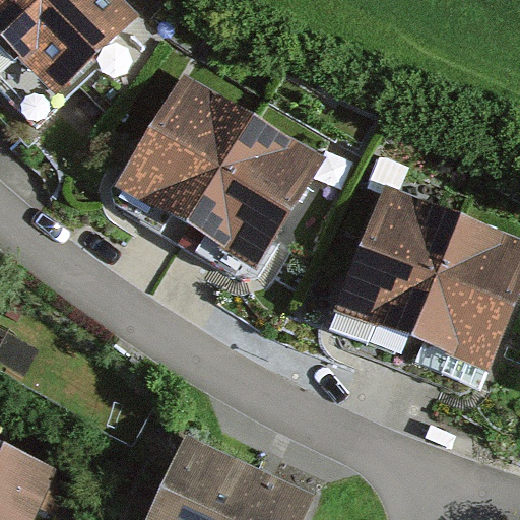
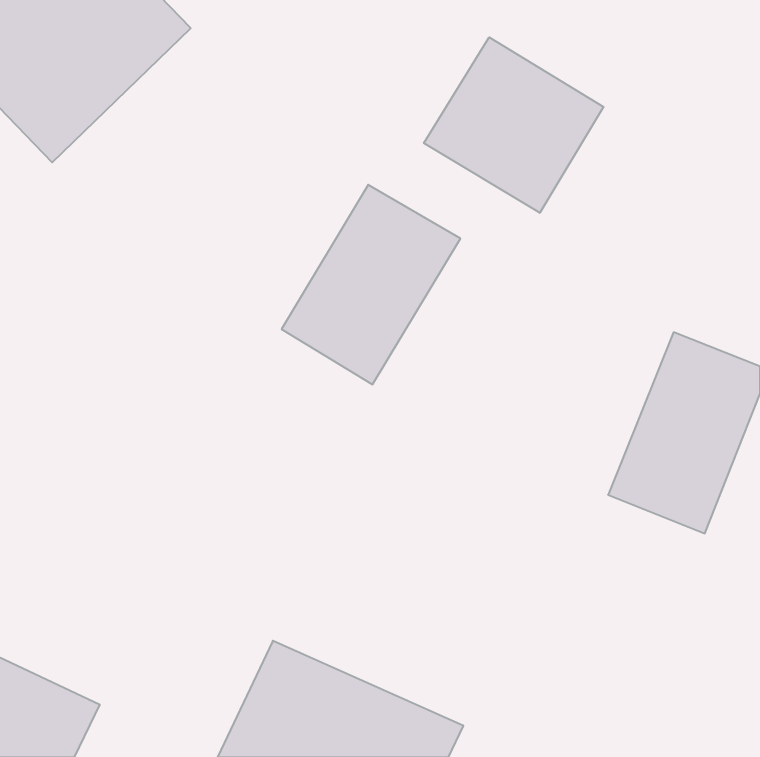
building: none -> [424,37,603,213]
building: [129,88,251,224] -> none
building: [347,200,459,337] -> none

